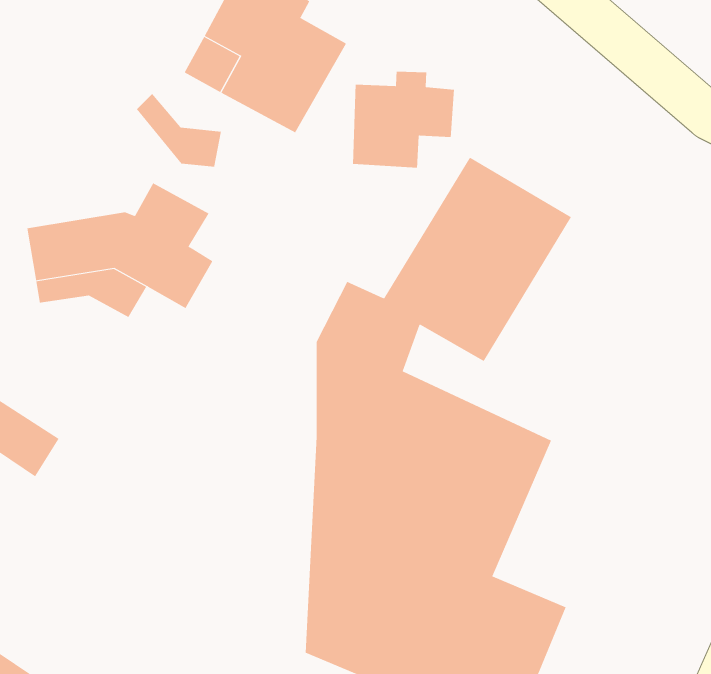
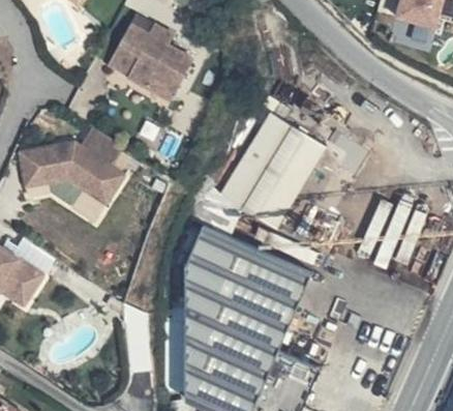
building: [352,71,454,169] -> none
building: [136,93,221,167] -> none

